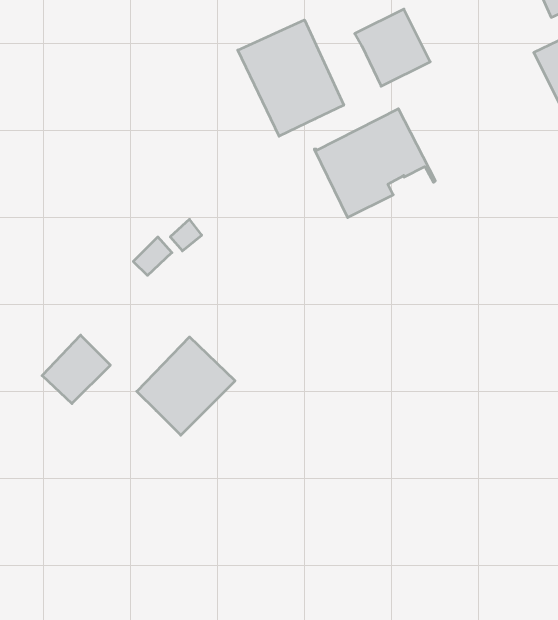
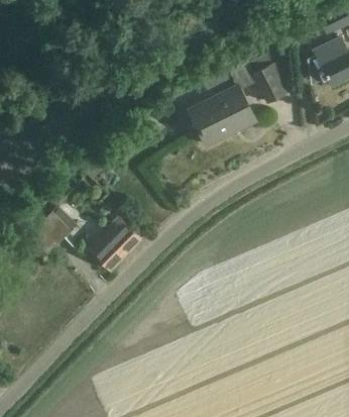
building: [355,9,430,86] -> [251,59,295,103]
building: [238,20,344,136] -> none

